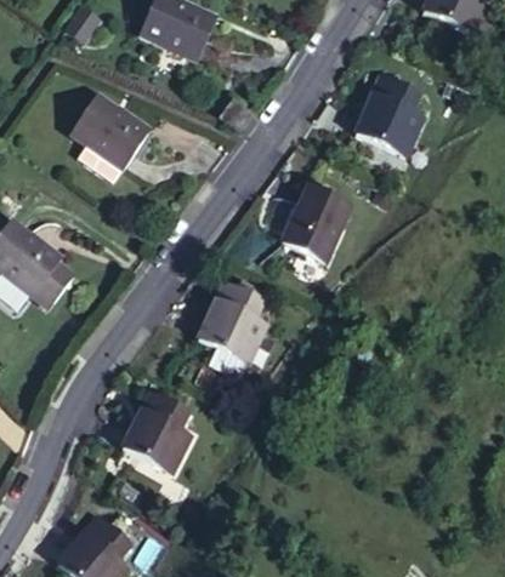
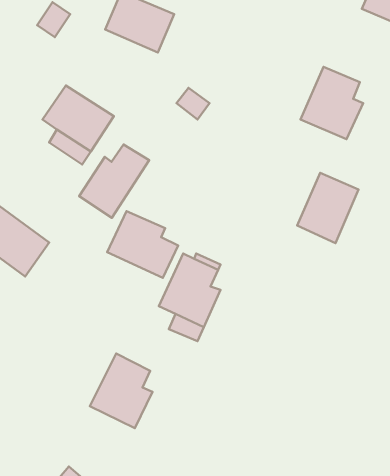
building: none -> [79,144,149,218]
building: [283,183,351,261] -> [297,173,359,243]
building: none -> [107,211,178,278]

